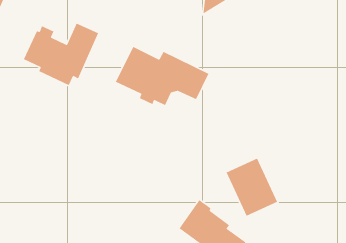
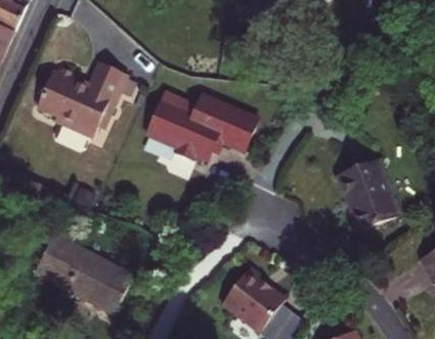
building: [226,157,278,217] -> [340,160,402,230]
building: none -> [42,236,141,316]

